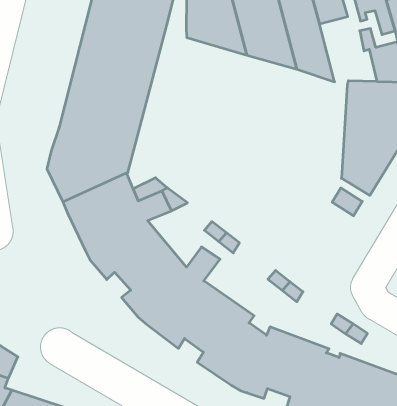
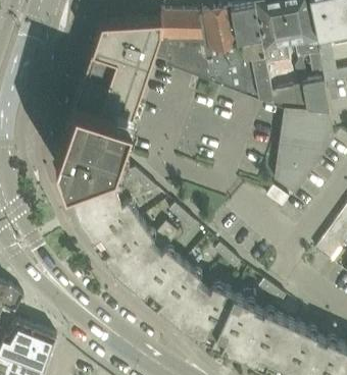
building: none -> [266,59,306,110]

